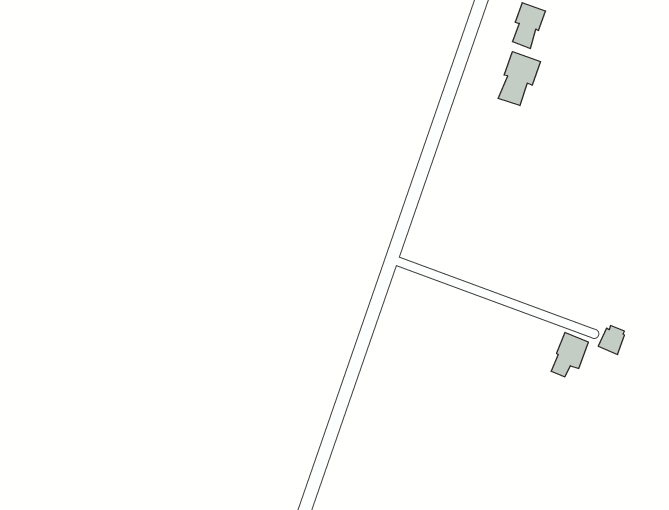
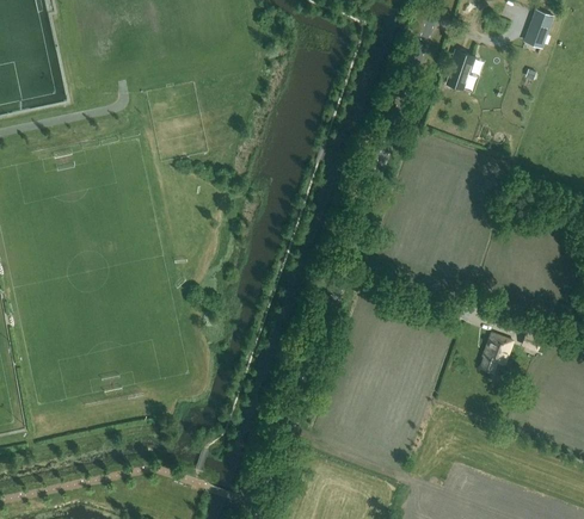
building: [498,52,540,106] -> none

